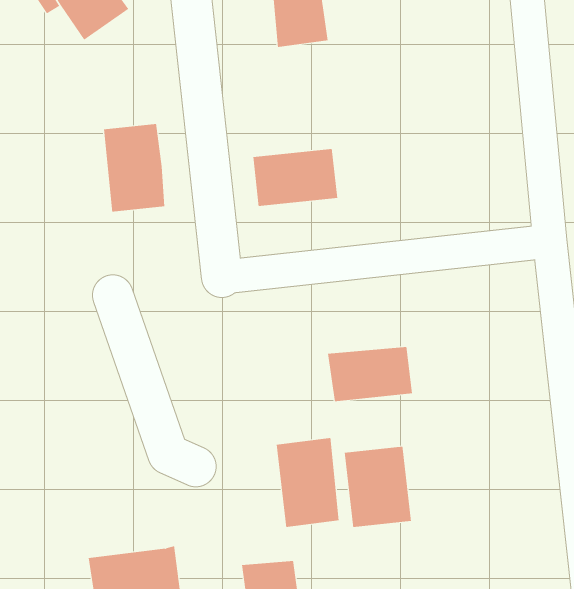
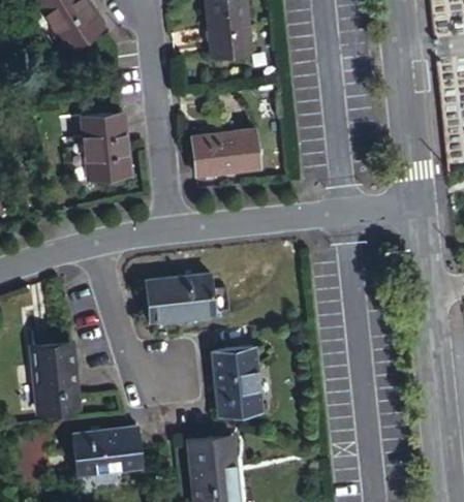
building: [327,347,413,402] -> [145,277,209,318]
building: none -> [34,343,78,412]
building: [344,446,412,528] -> none

